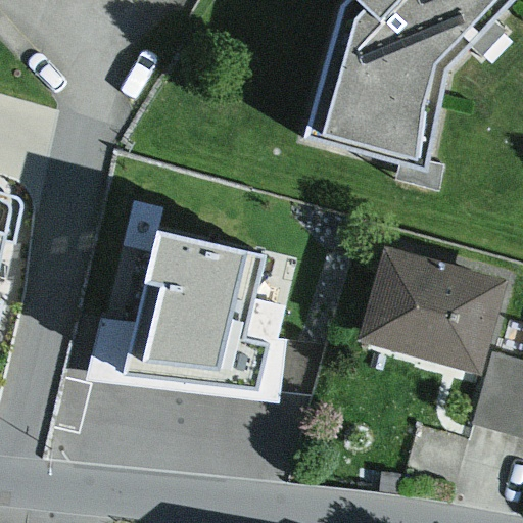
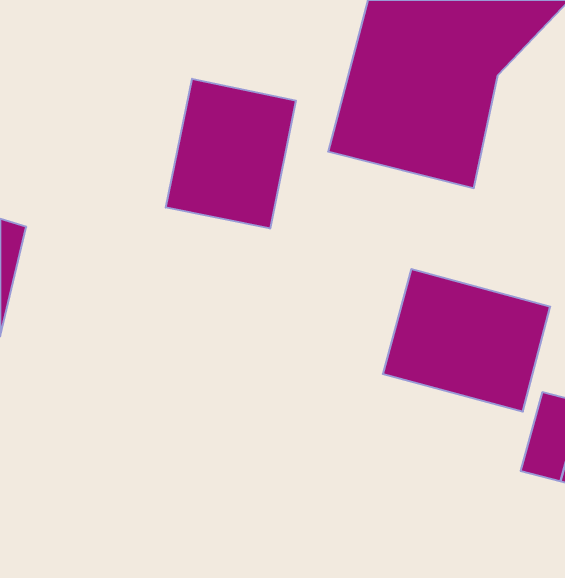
building: none -> [166,79,296,229]
building: [102,219,267,391] -> none

